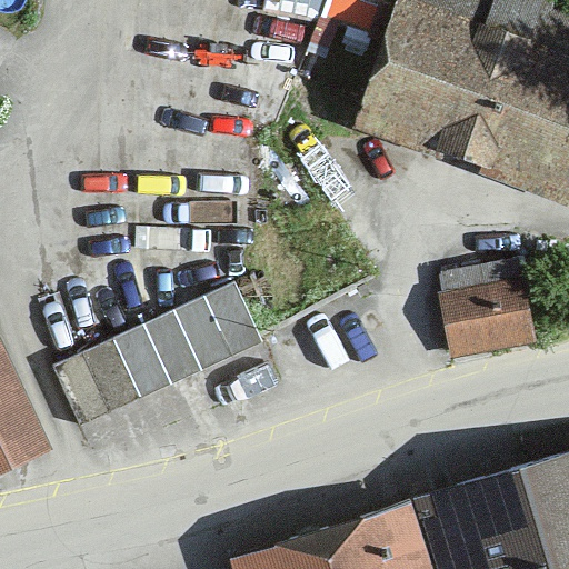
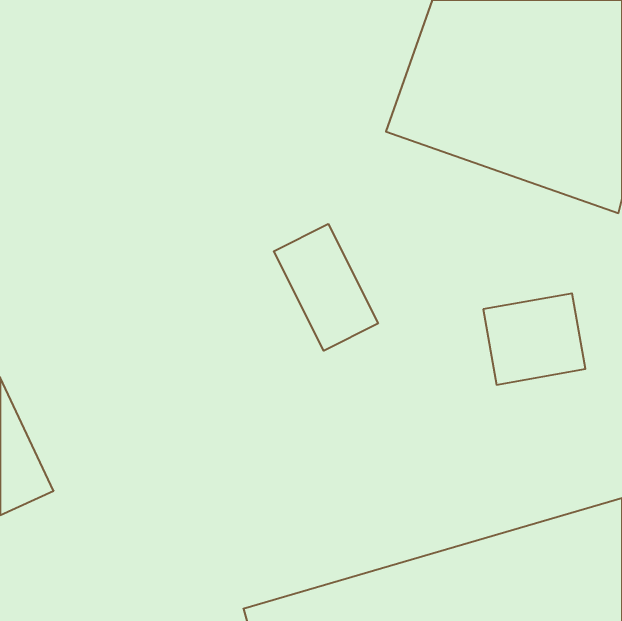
building: none -> [274,224,378,351]
building: [51,276,264,427] -> none

